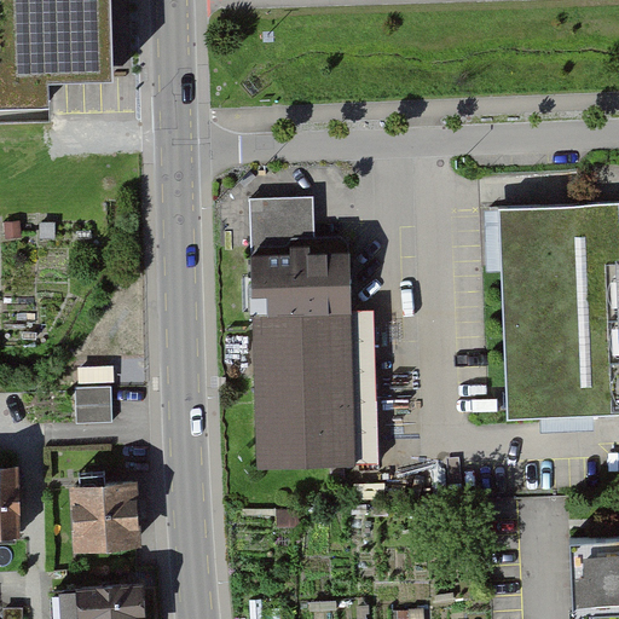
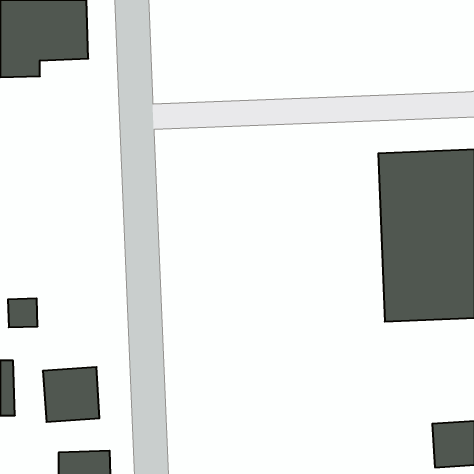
building: [251,195,366,473] -> none
building: [73,383,111,421] -> [8,298,38,327]

